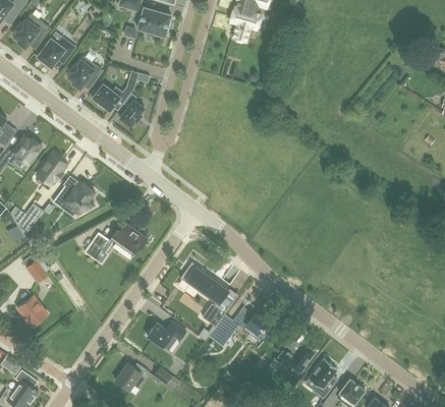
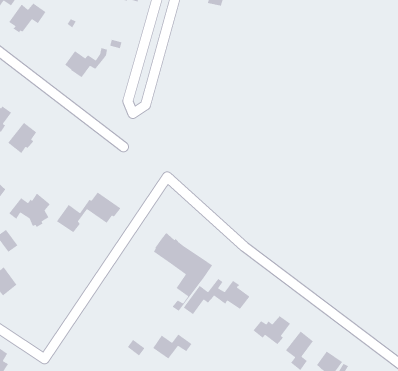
building: [68,56,102,88] -> none
building: [119,93,144,126] -> none
building: [52,180,94,215] -> [8,193,51,228]
building: [146,321,185,346] -> [152,333,193,359]
building: [114,362,148,390] -> none

